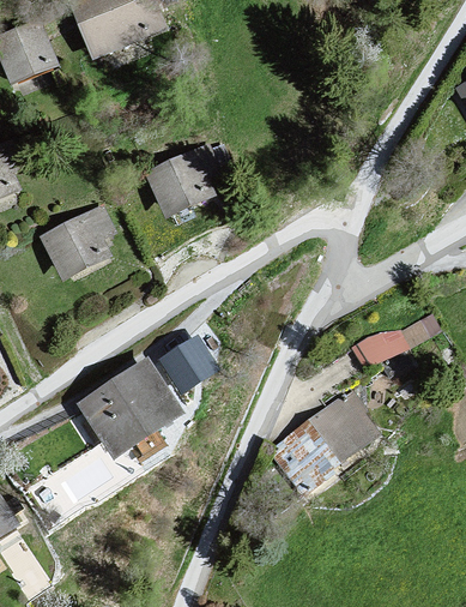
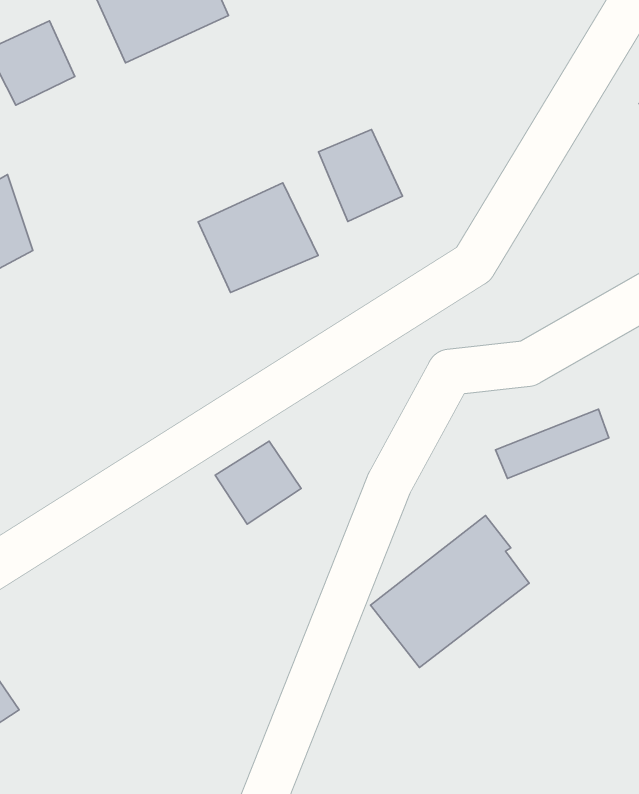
building: none -> [318,129,402,221]
building: [41,209,116,284] -> none
building: [75,351,182,453] -> none

